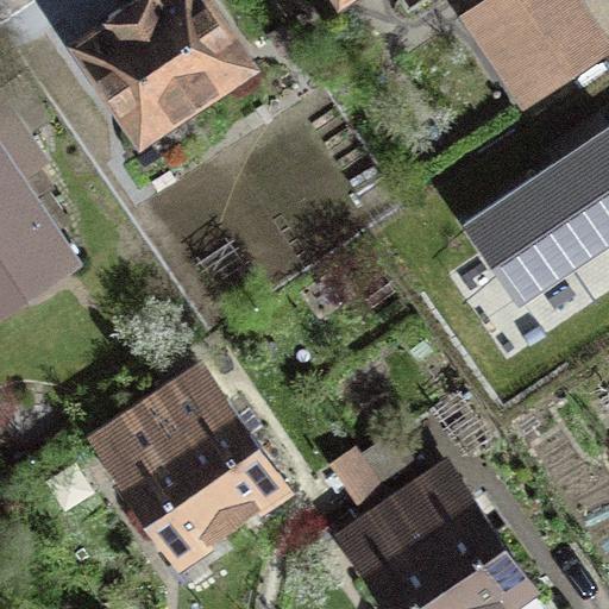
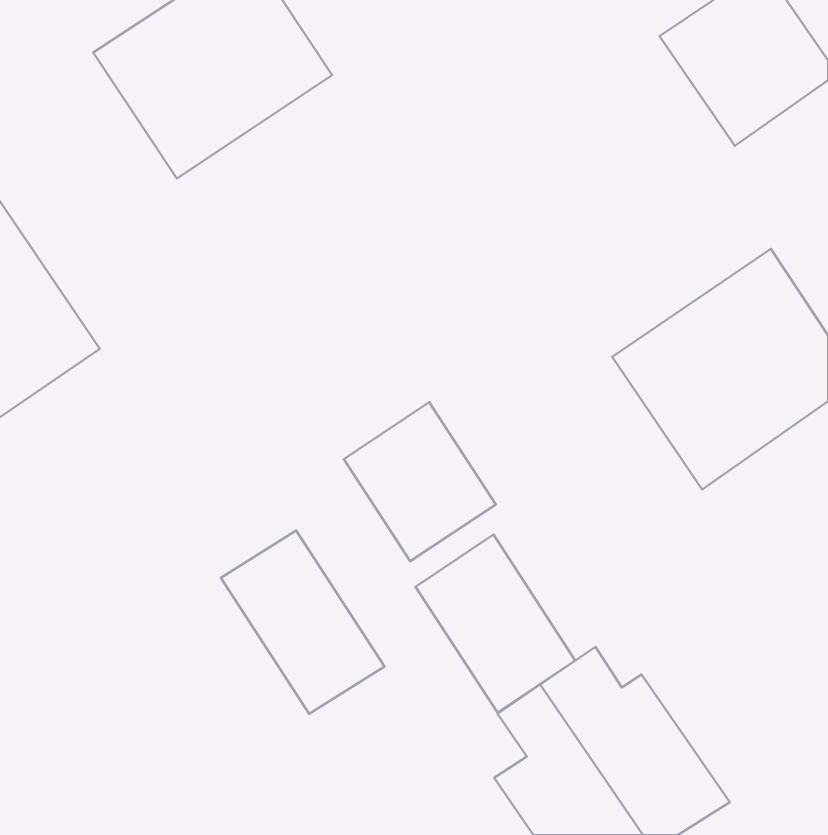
building: none -> [344,402,496,561]
building: none -> [416,535,575,713]
building: [107,420,225,553] -> none

